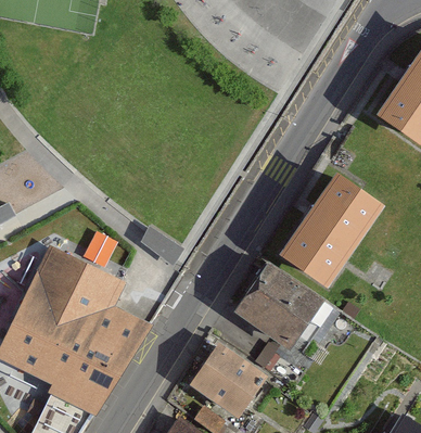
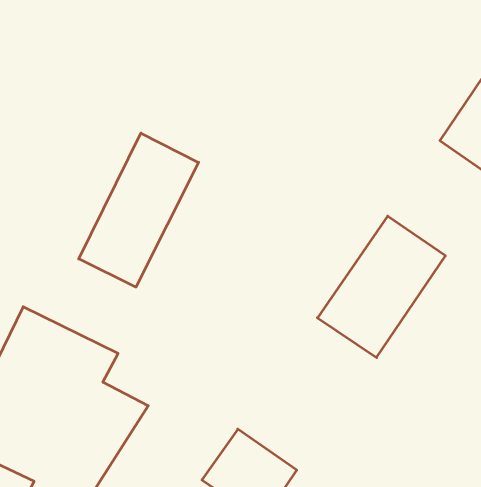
building: none -> [79,133,199,287]
building: [234,263,322,348] -> none

